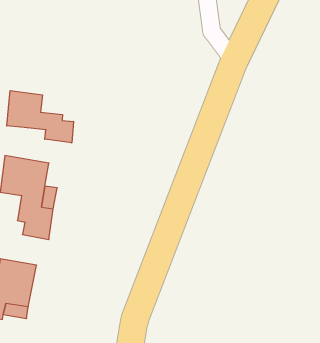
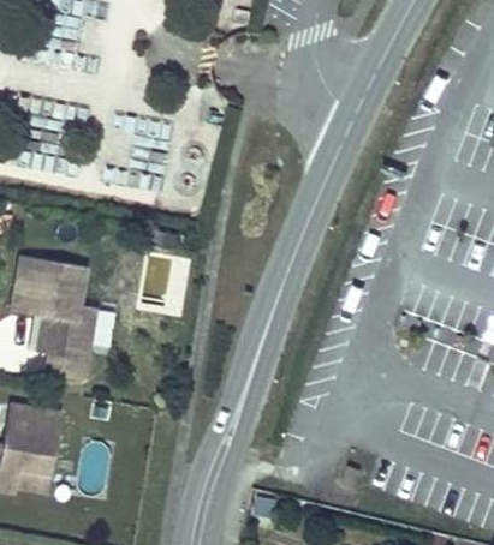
building: [7,91,73,143] -> none

